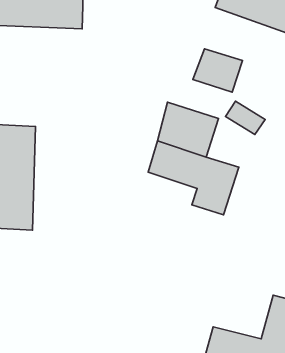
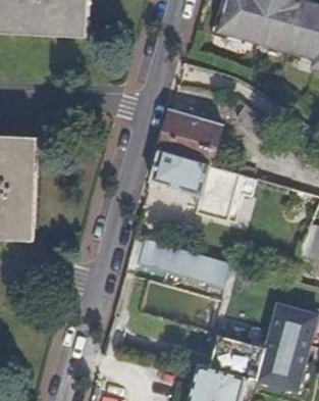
building: [193,49,243,92] -> none
building: none -> [135,239,237,291]

